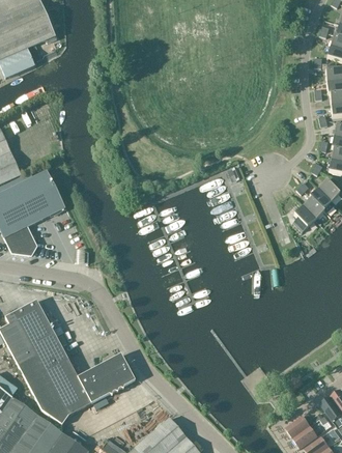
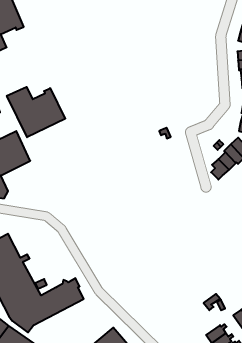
building: none -> [7,87,65,137]

